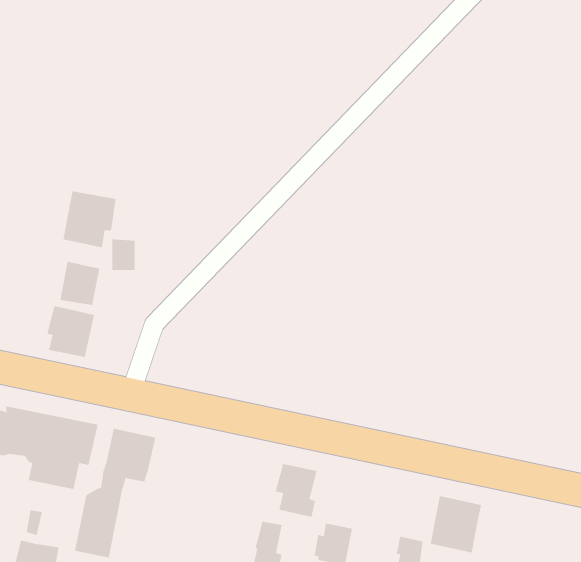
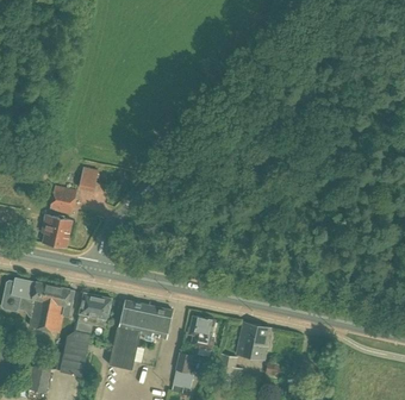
building: [63,191,116,248] -> none
building: none -> [110,300,173,369]
building: [430,495,482,553] -> [237,323,270,360]

